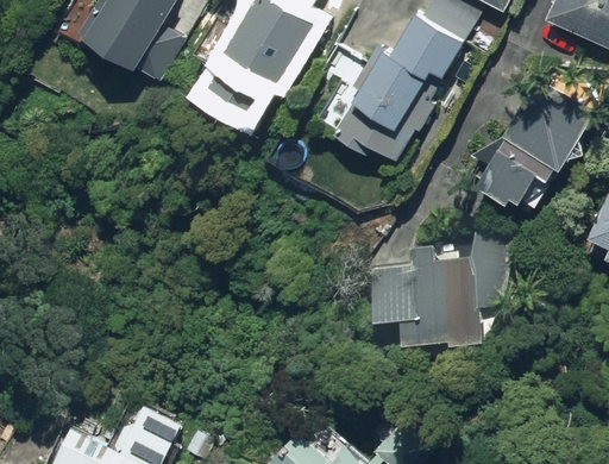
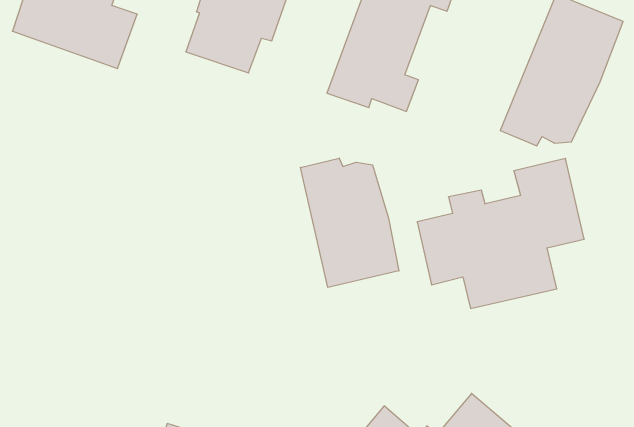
building: none -> [300,158,399,287]

